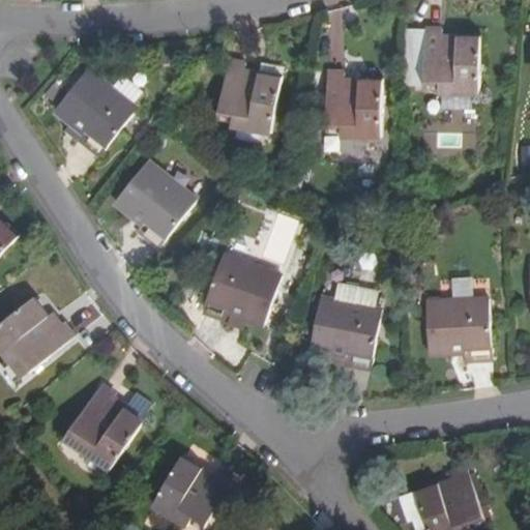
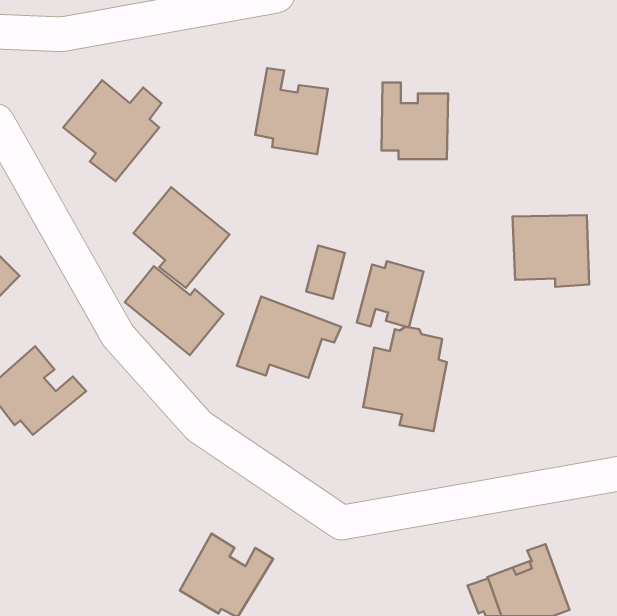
building: [402,27,478,92] -> none
building: none -> [357,261,424,327]
building: none -> [125,266,224,355]
building: [426,298,492,359] -> [513,215,589,287]
building: [66,382,150,467] -> none

